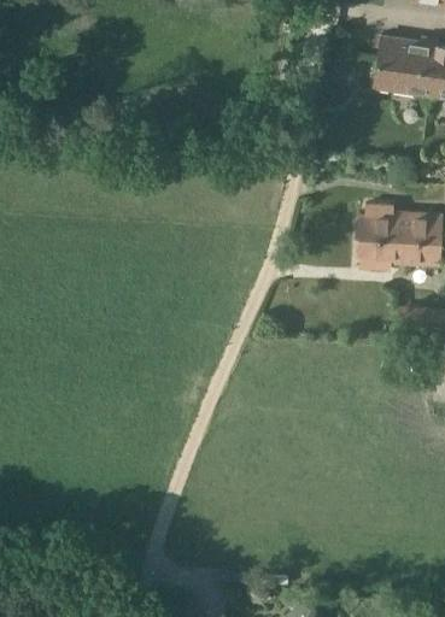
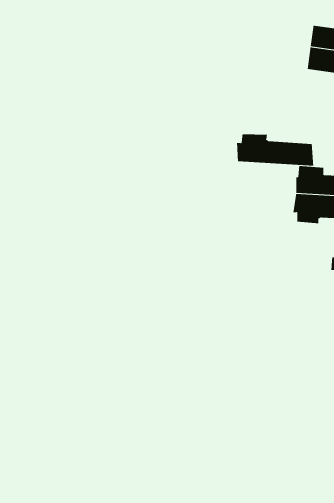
building: none -> [237,133,314,166]

